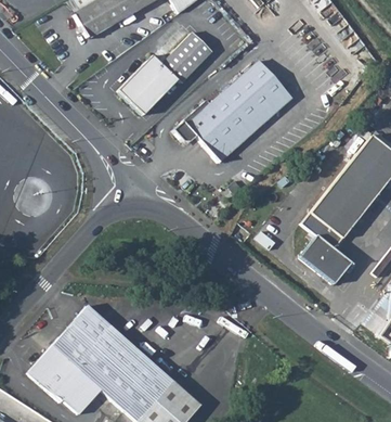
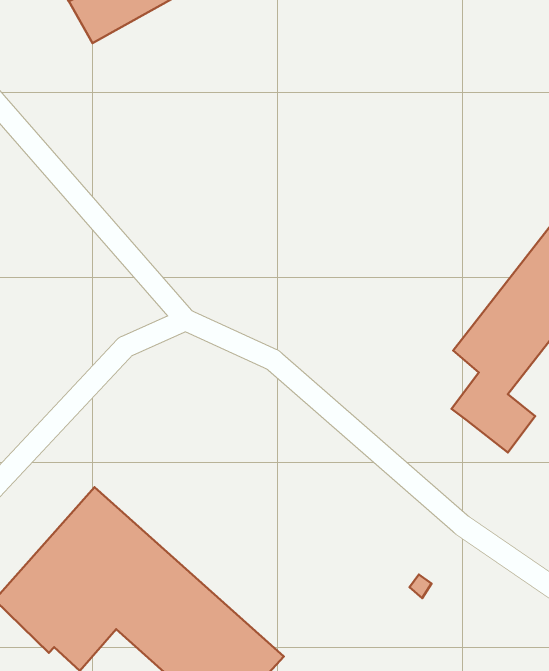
building: [118,33,210,115] -> none
building: [172,62,286,157] -> none

